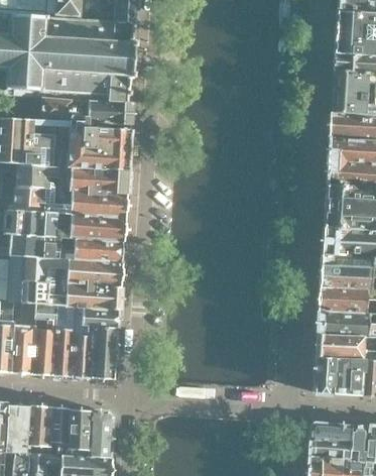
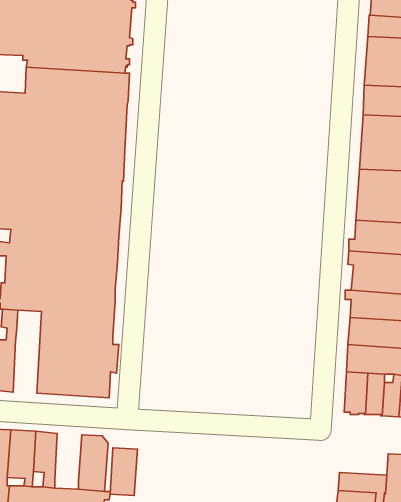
building: [32,304,56,374] -> none
building: [68,408,91,449] -> [110,448,138,495]
building: [309,423,351,444] -> none

